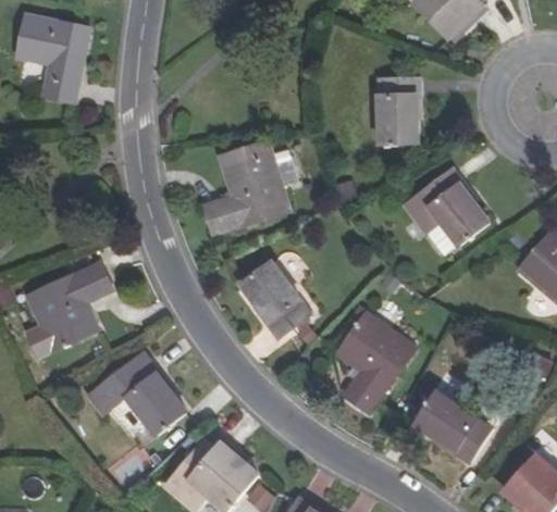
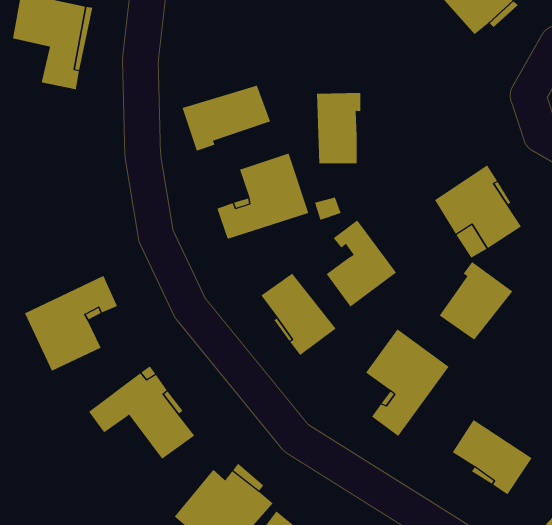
building: [381,77,422,142] -> [316,92,361,164]
building: none -> [182,85,271,151]
building: none -> [326,219,397,307]
building: none -> [439,261,513,341]

